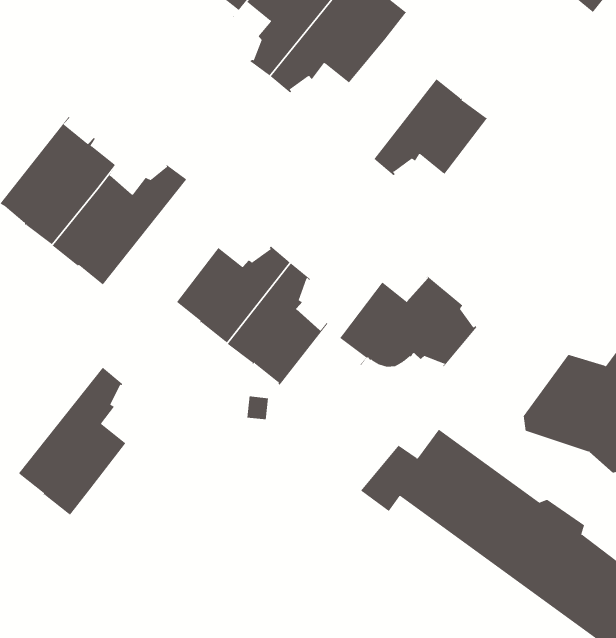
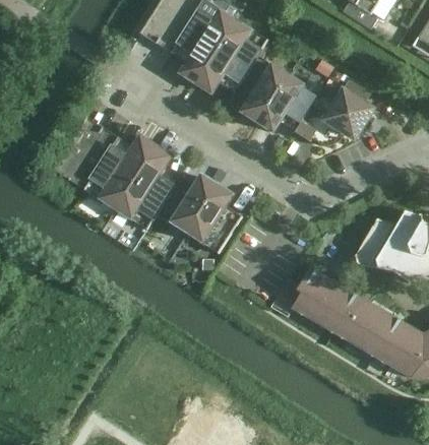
building: none -> [233,56,288,123]
building: [334,276,477,368] -> [295,88,373,142]
building: [17,367,138,516] -> [115,145,179,230]

